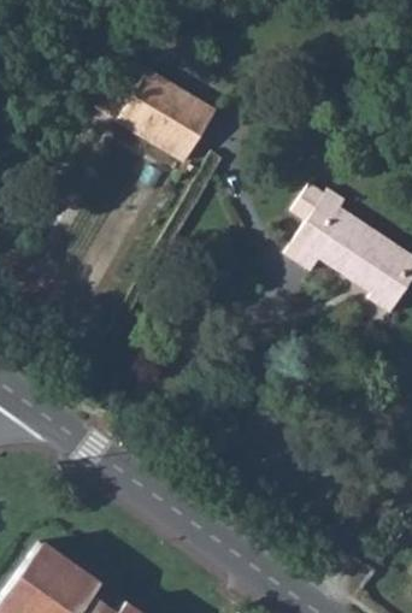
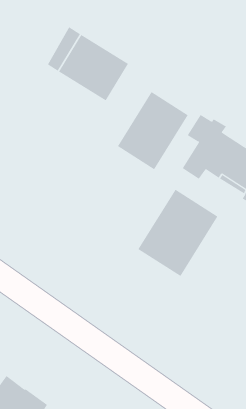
building: none -> [117,91,189,170]
building: none -> [138,189,218,277]

